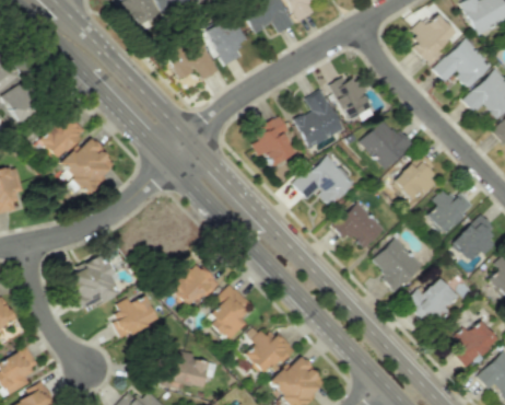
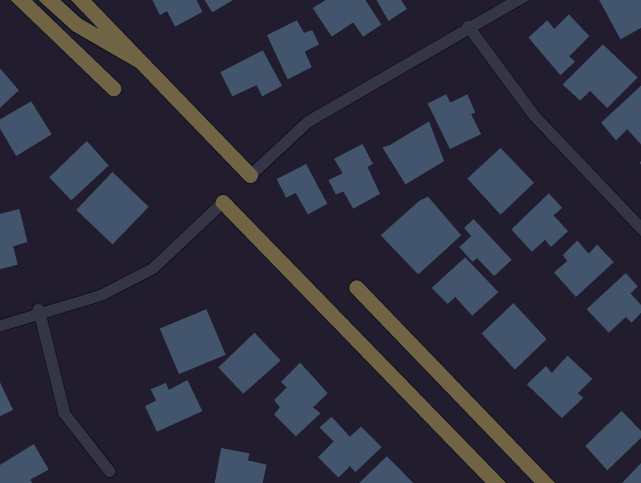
building: none -> [275,163,329,216]
building: none -> [459,218,512,277]
building: [66,257,118,309] -> [159,308,227,375]

